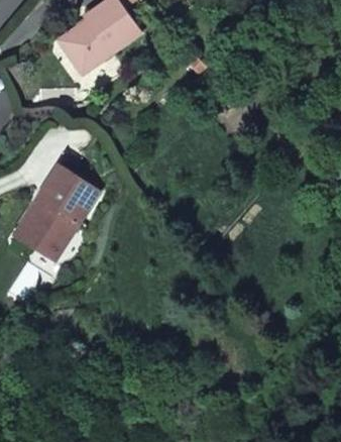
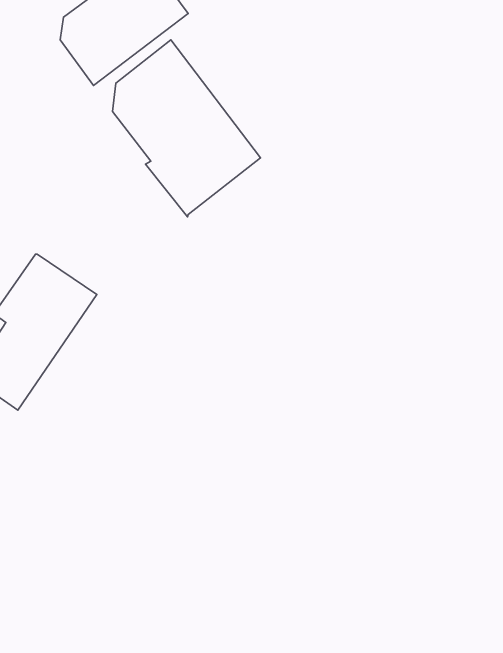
building: none -> [112,40,260,217]

